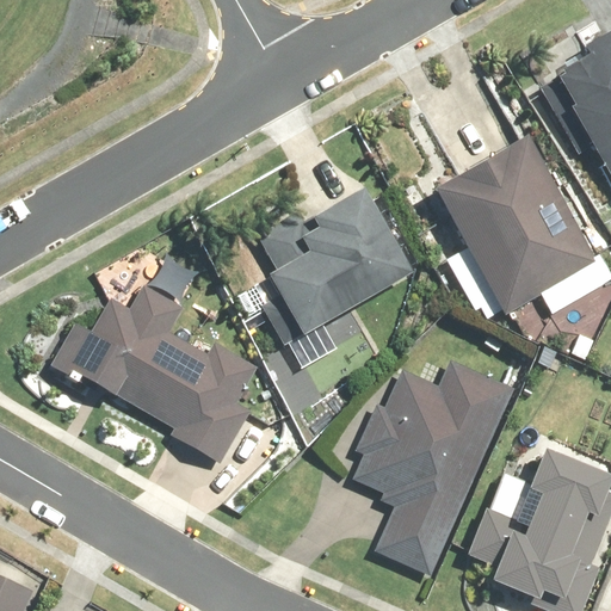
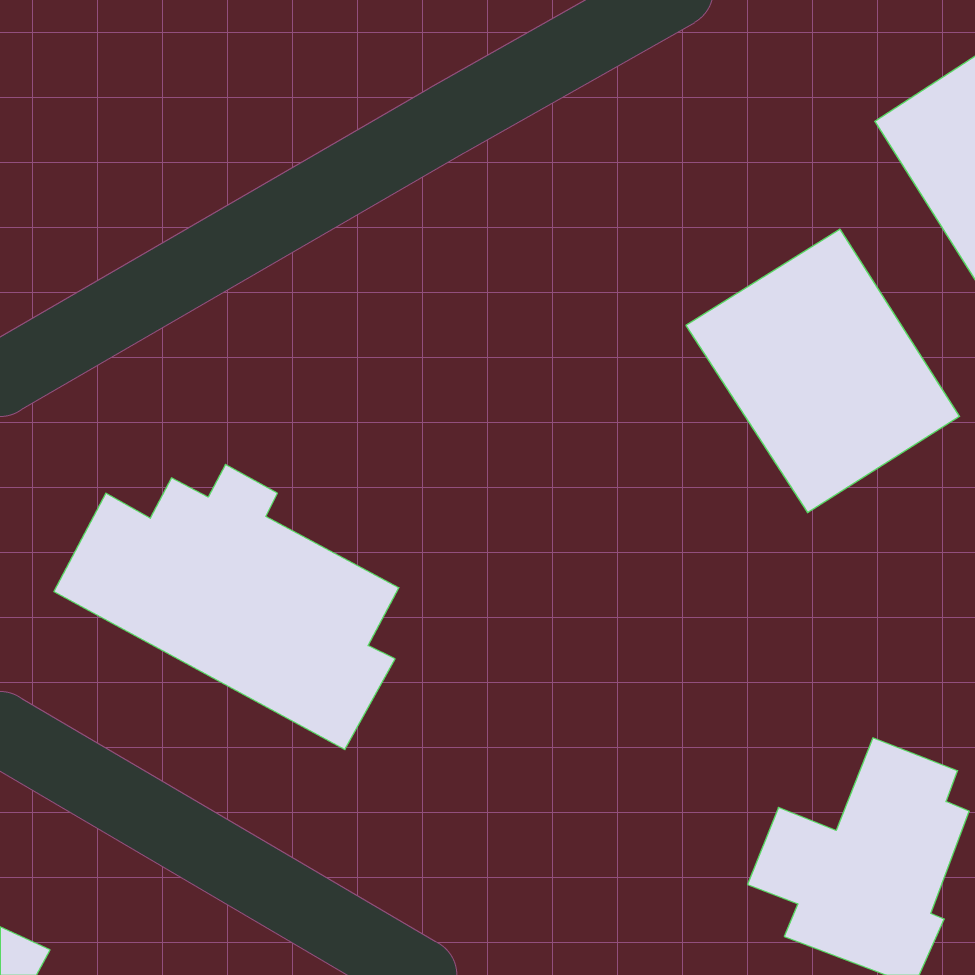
building: [264,178,413,334] -> none
building: [360,360,512,572] -> none

